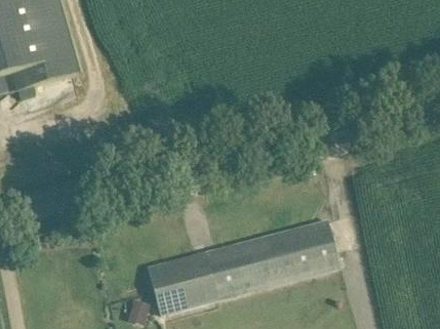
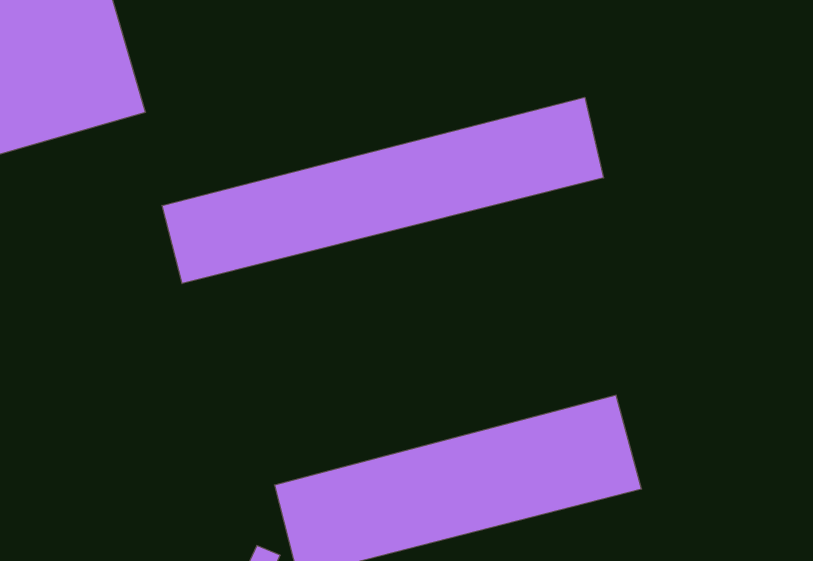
building: none -> [162,97,604,284]

